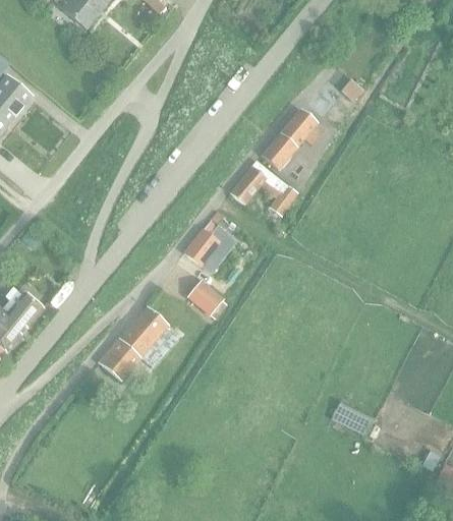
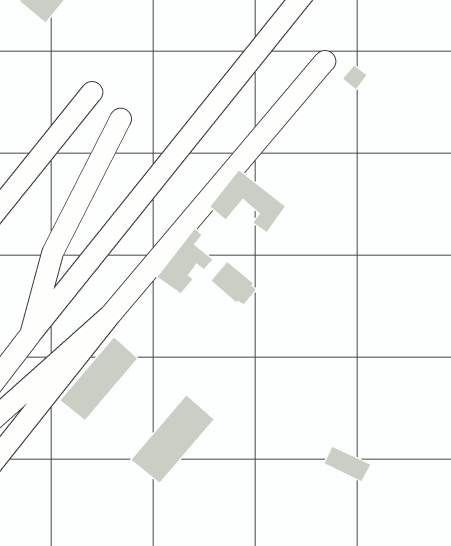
building: [261,107,317,167] -> none
building: [186,278,227,316] -> [211,261,257,305]
building: none -> [131,394,215,484]

